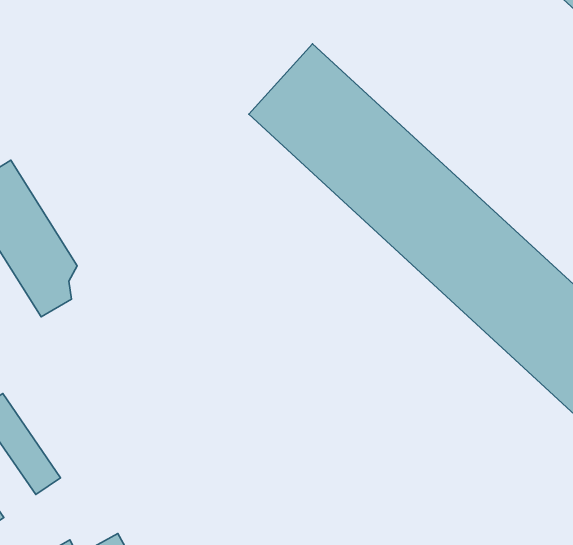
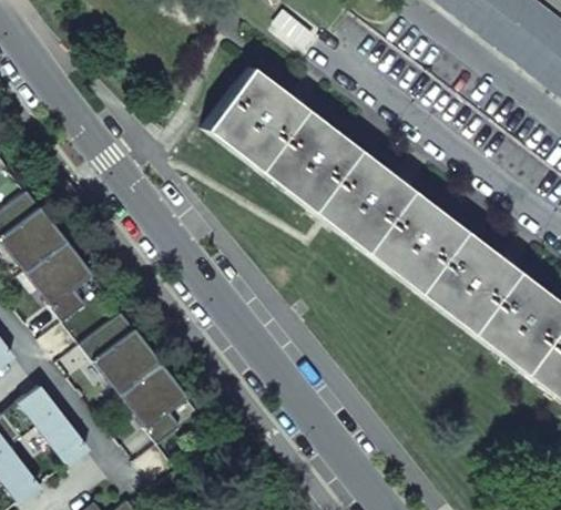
building: none -> [81,310,185,440]

